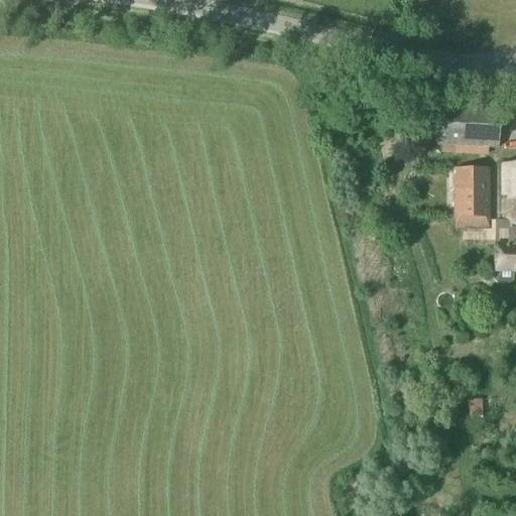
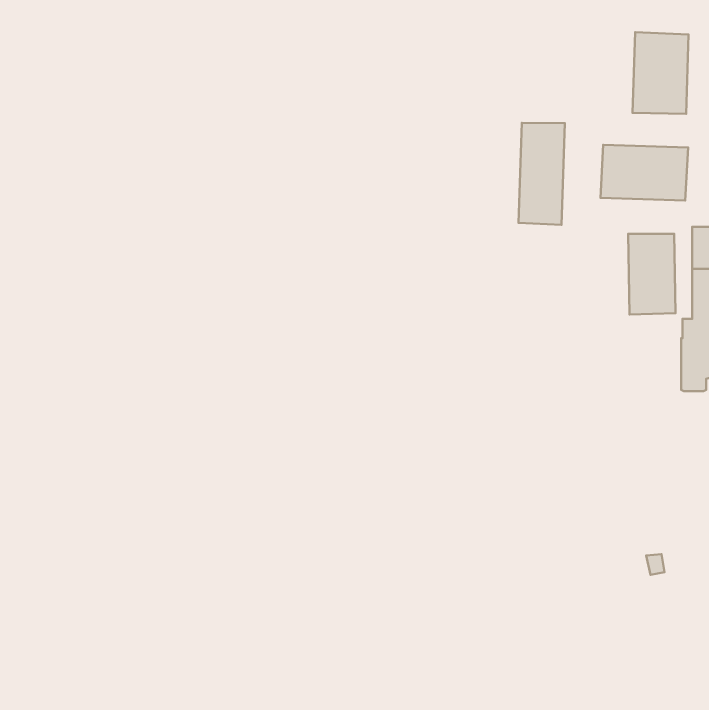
building: none -> [632,32,689,114]
building: none -> [519,123,565,225]

